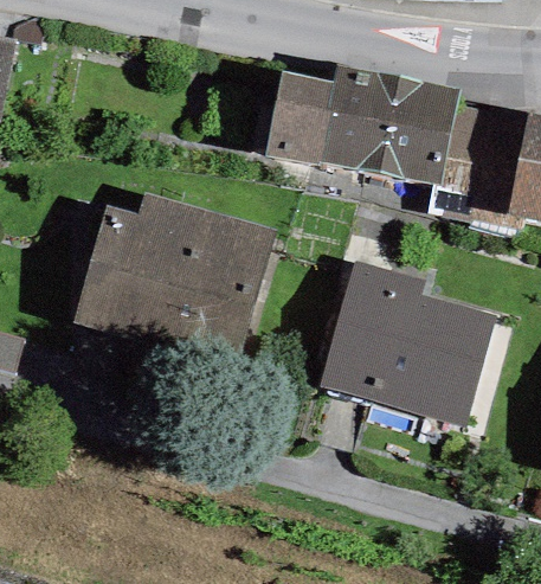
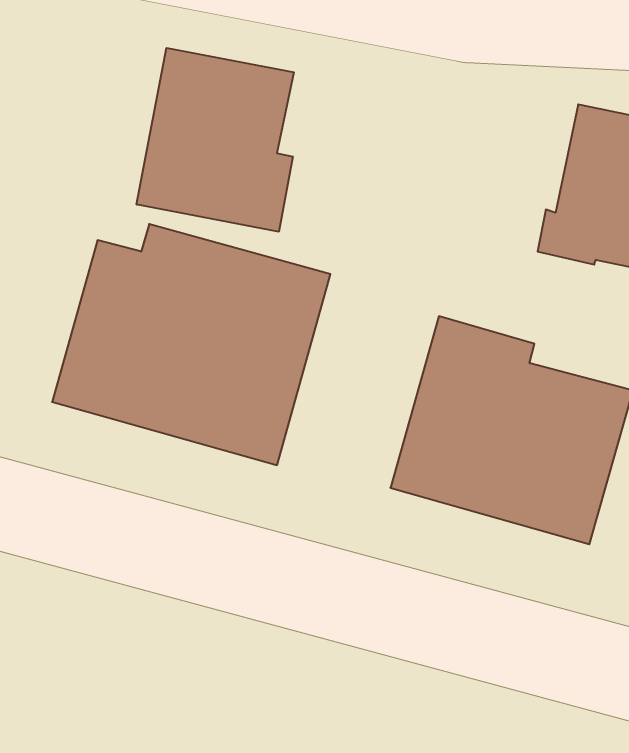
building: [264,63,459,184] -> none
building: none -> [137,48,294,232]

